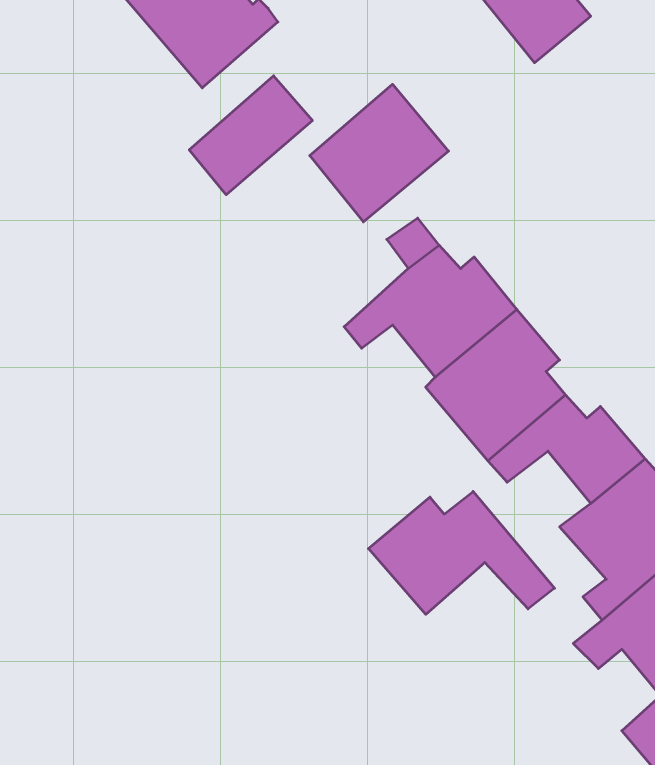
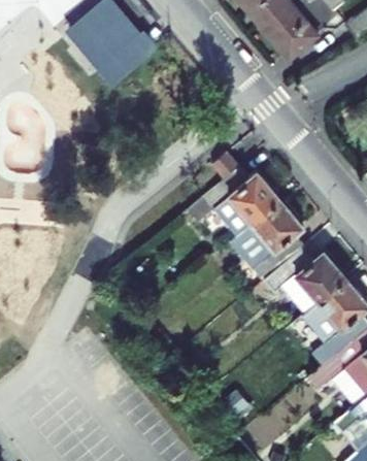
building: [189,76,312,195] -> none
building: [310,84,449,222] -> none
building: [368,491,555,614] -> none

